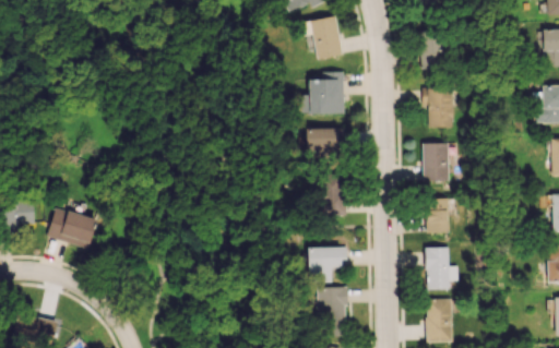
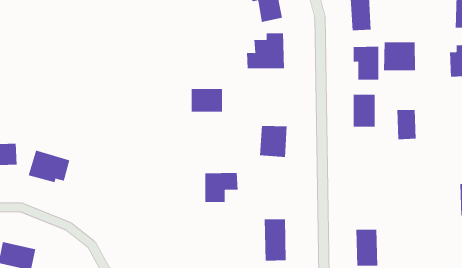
building: none -> [384,41,415,71]
building: [307,128,344,155] -> [191,89,223,112]
building: [427,199,450,233] -> [397,110,416,140]
building: [309,247,348,281] -> [205,172,239,203]
building: [426,248,460,289] -> none

